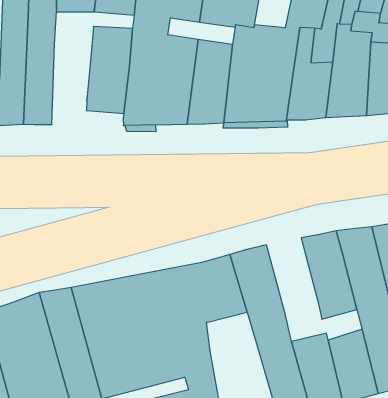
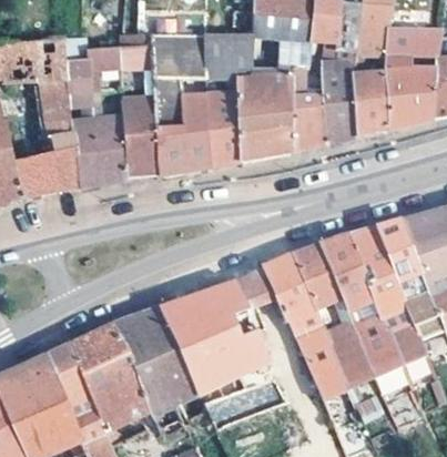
building: none -> [93,113,128,182]
building: none -> [292,245,342,308]

